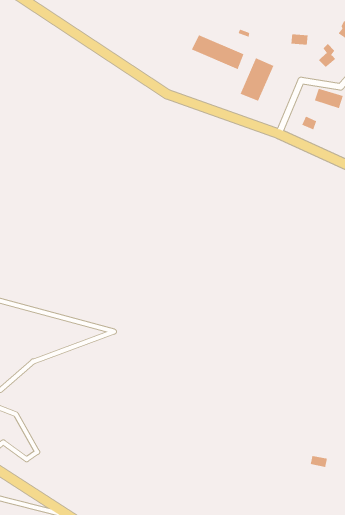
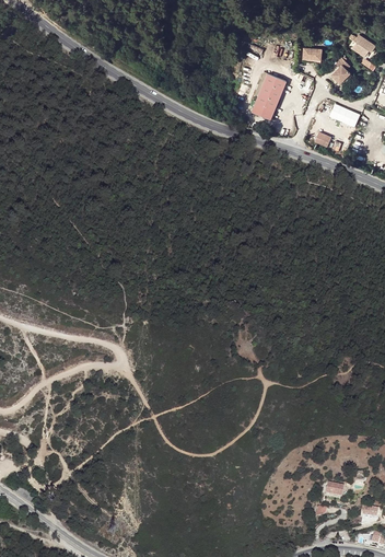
building: [191,34,245,70] -> none

